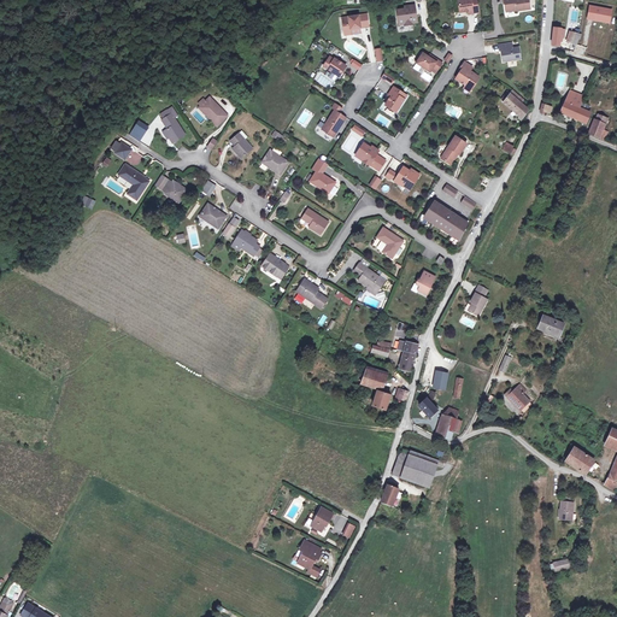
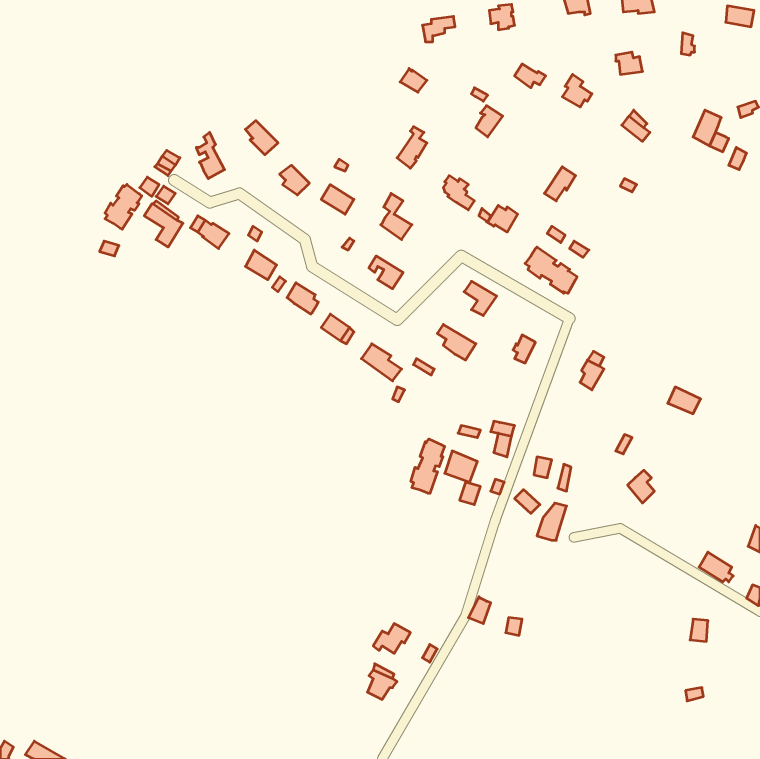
building: none -> [105,184,142,229]
building: none -> [411,439,445,493]
building: [390,448,436,484] -> none

